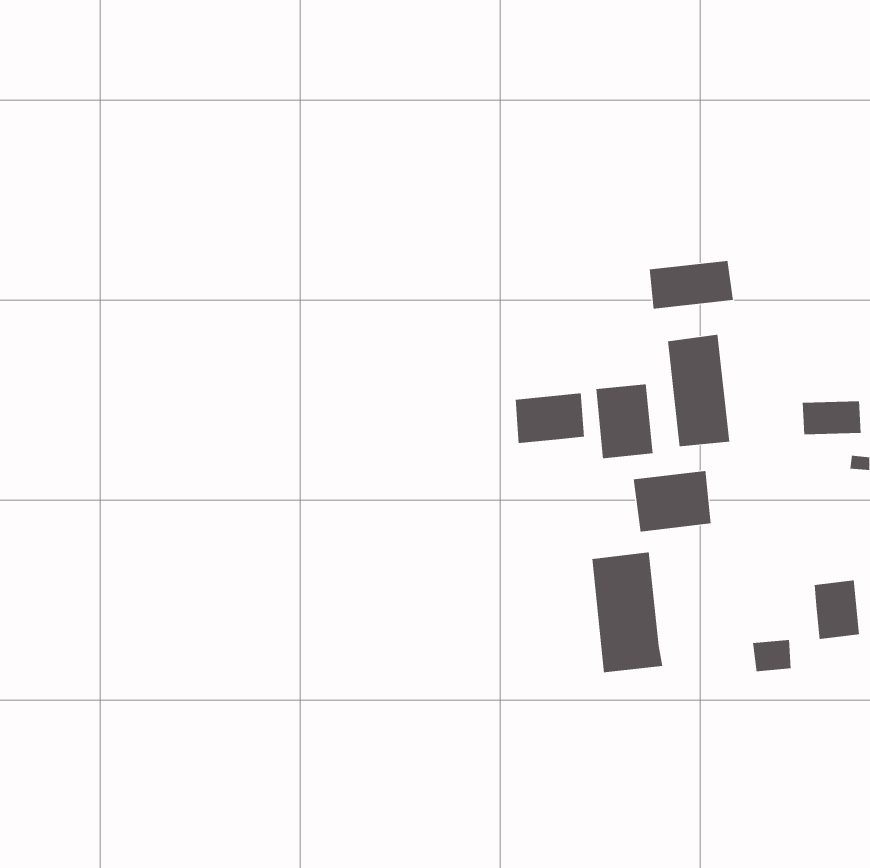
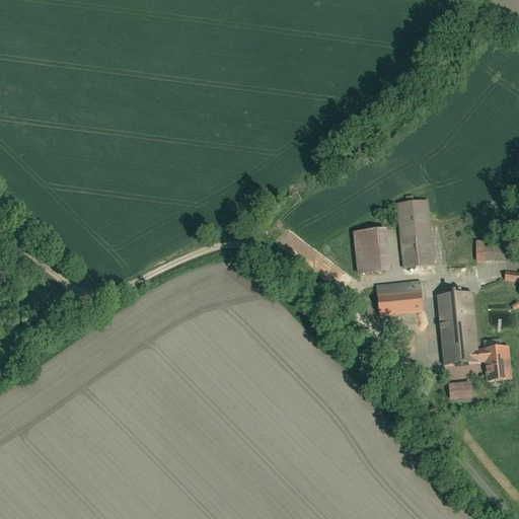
building: [649,260,733,310] -> none
building: [515,392,584,444] -> none
building: [591,552,663,673] -> [436,292,478,364]

